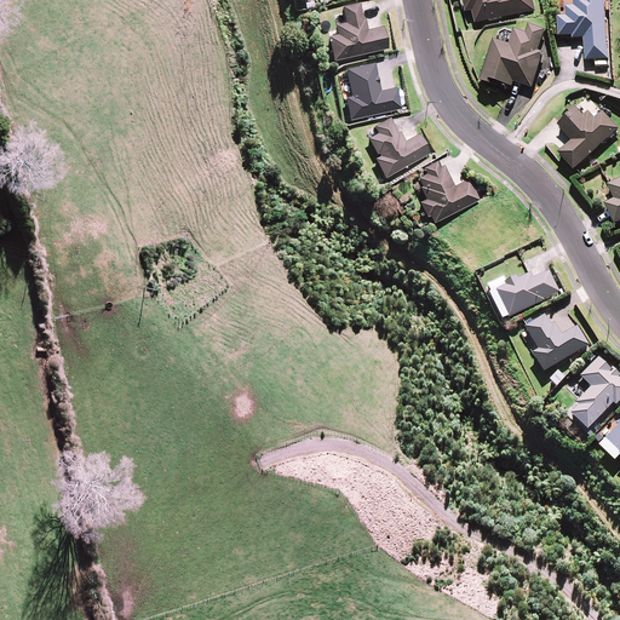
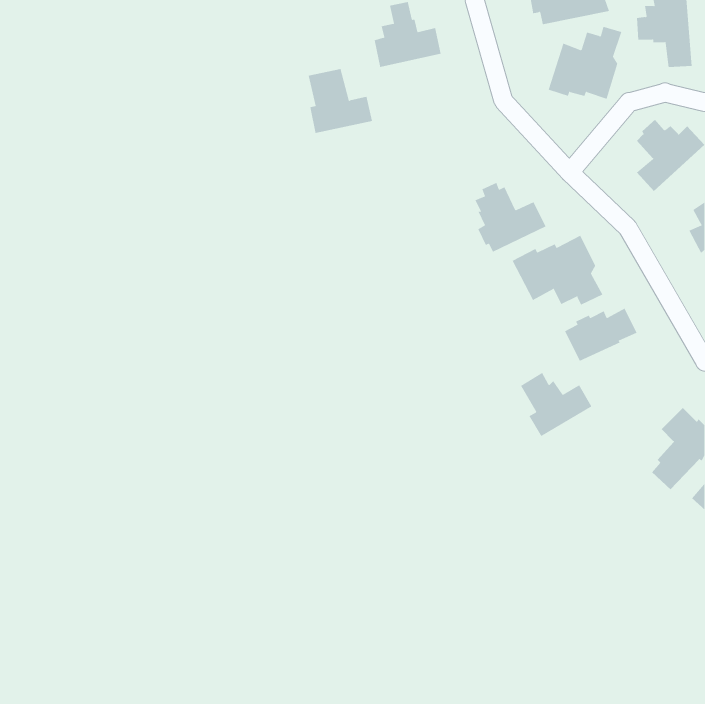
building: [344,62,401,119] -> [308,69,373,133]
building: [367,116,430,177] -> none
building: none -> [512,235,603,305]
building: [526,315,589,372] -> [520,372,592,437]

